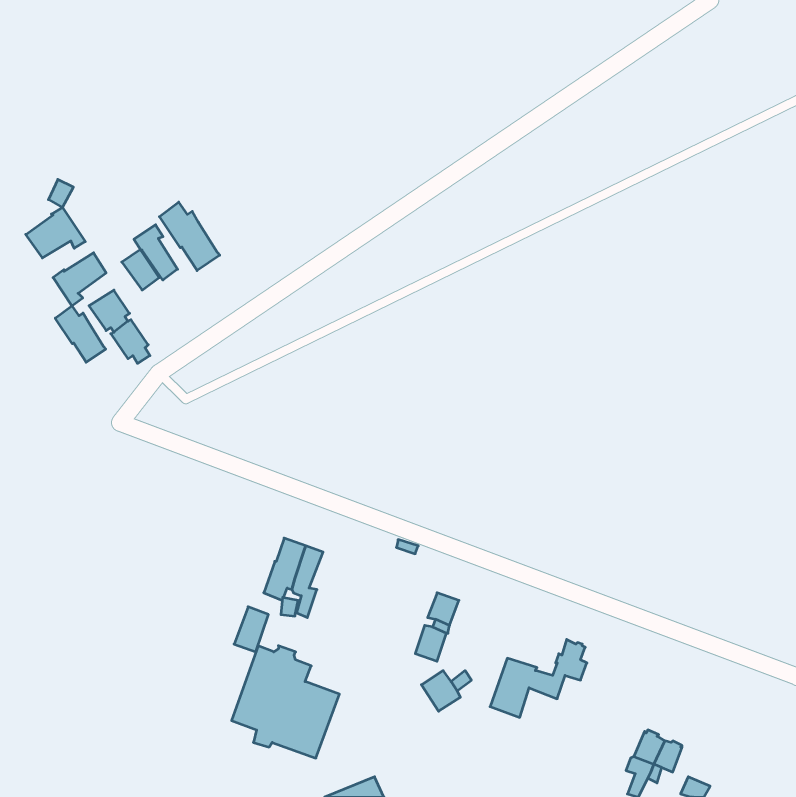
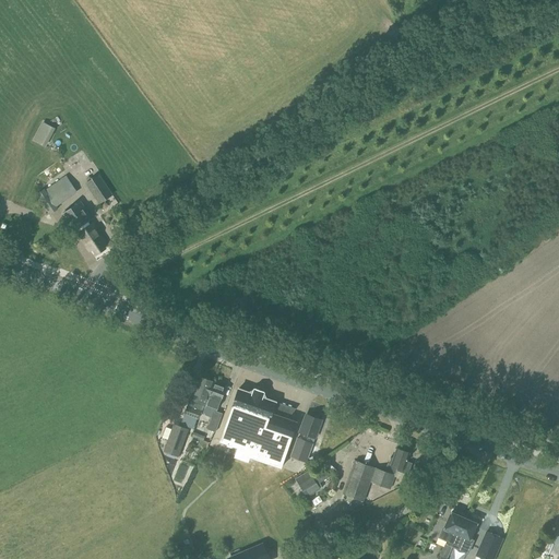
building: [159,202,220,271] -> none
building: [26,207,85,258] -> none
building: [134,225,178,280] -> none
building: [55,306,106,362] -> none
building: [232,646,339,758] -> [222,388,297,466]

